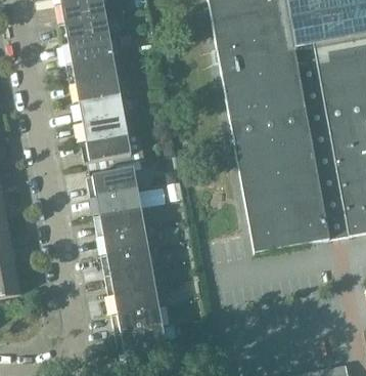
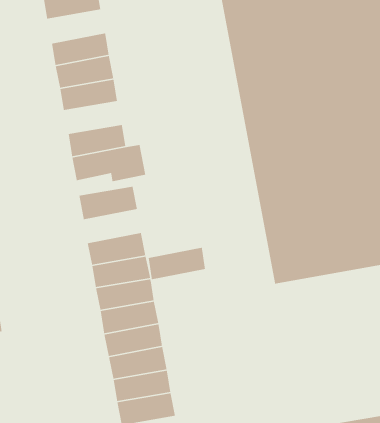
building: [59,15,110,44] -> none
building: [74,94,125,122] -> none
building: [91,187,141,216] -> [148,247,206,280]

